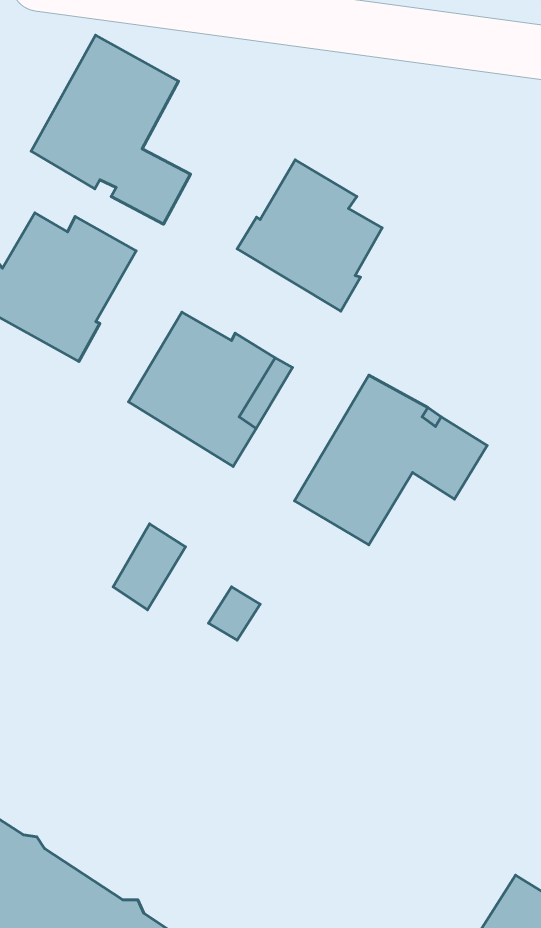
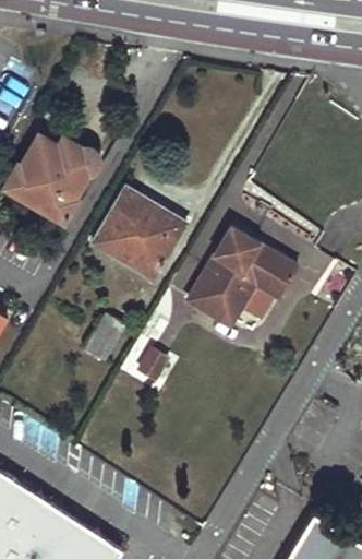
building: [31,35,190,224] -> none
building: [237,160,382,311] -> none

